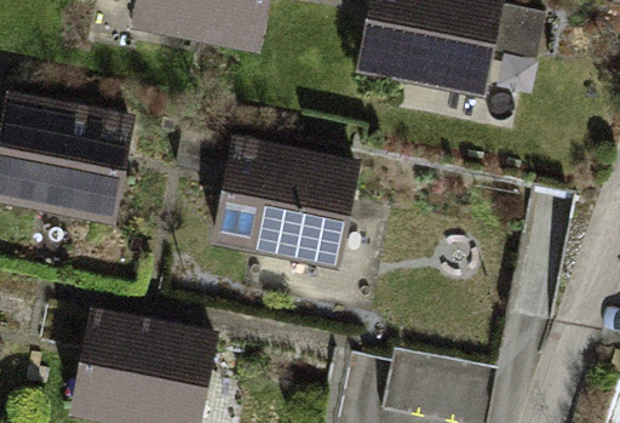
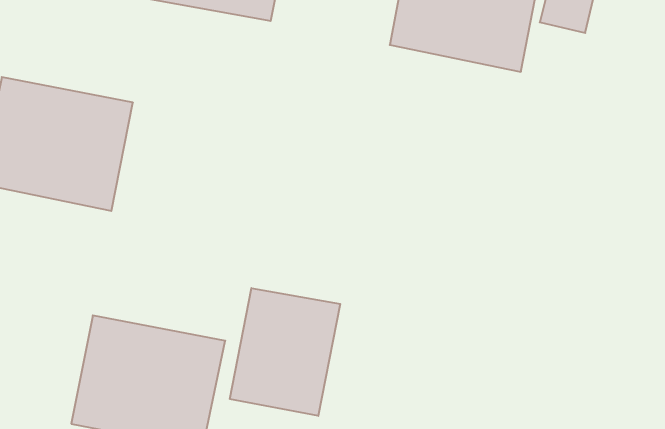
building: [176,132,354,261] -> none
building: none -> [230,288,340,416]

